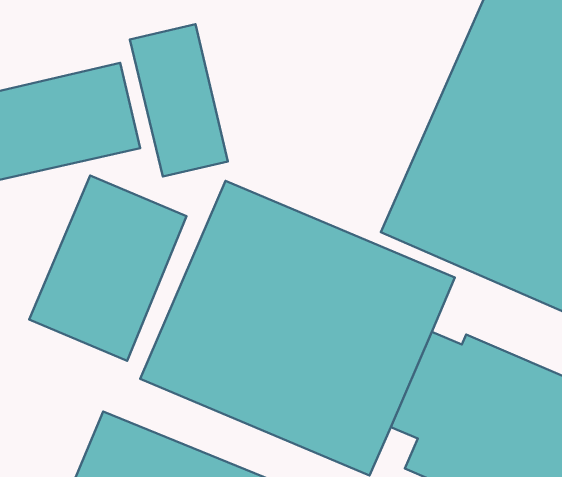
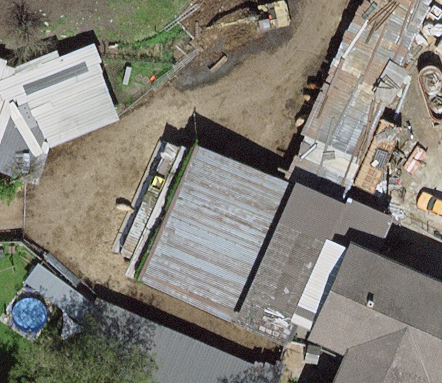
building: [130,24,228,177] -> none
building: [29,175,186,361] -> none

